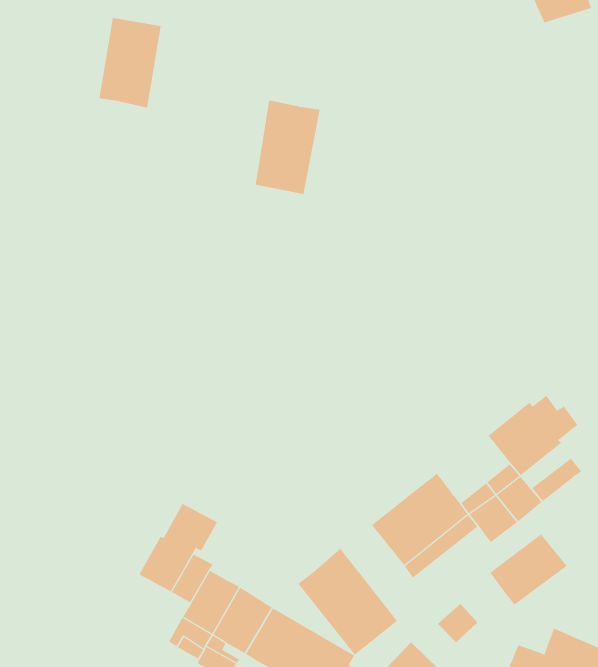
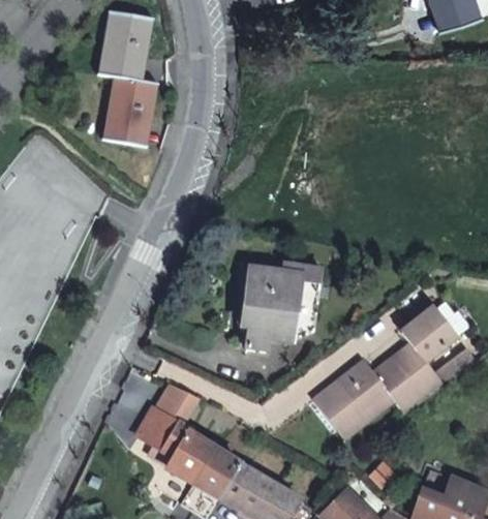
building: [255,100,321,194] -> [108,79,157,150]
building: none -> [239,264,321,346]
building: [490,533,568,606] -> none
building: [298,548,398,655] -> none

